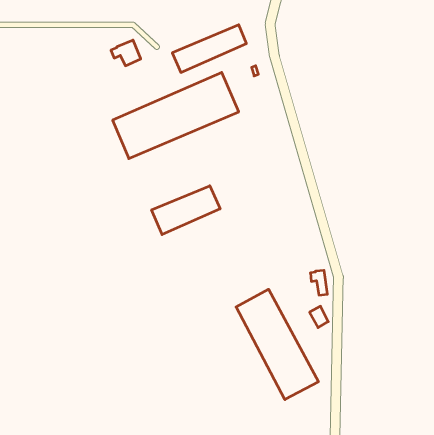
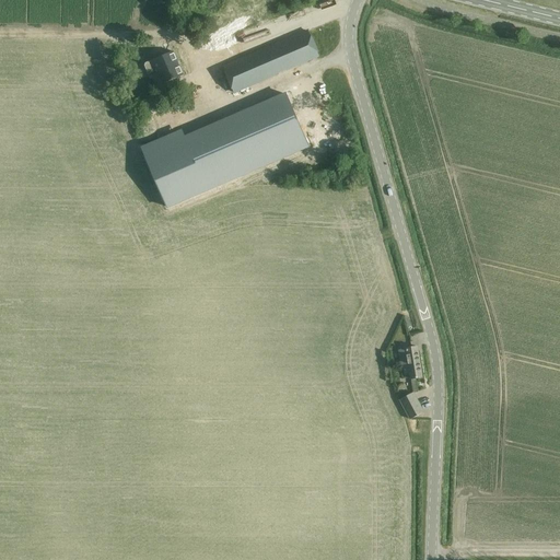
building: [152,186,220,235] -> none
building: [236,289,318,400] -> none

